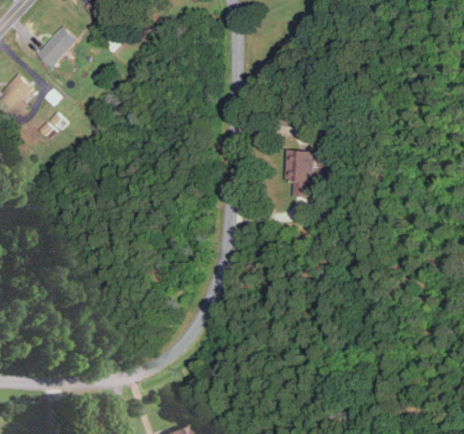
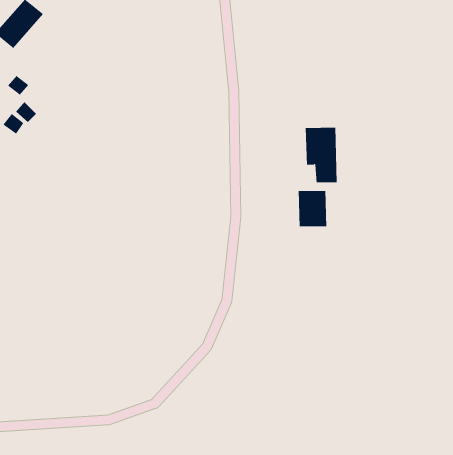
building: none -> [298,190,327,227]

